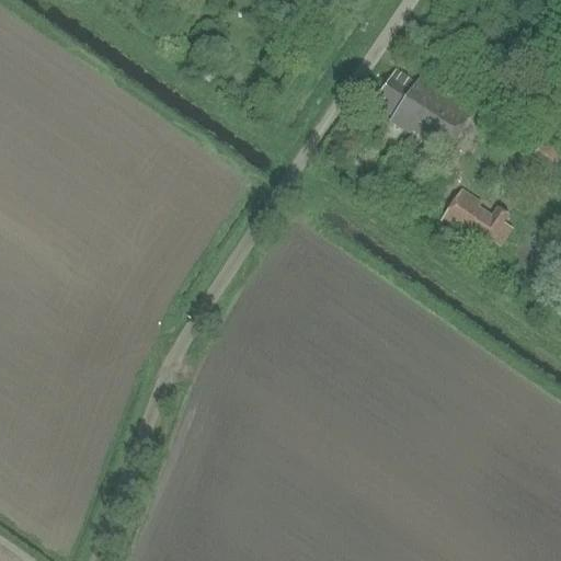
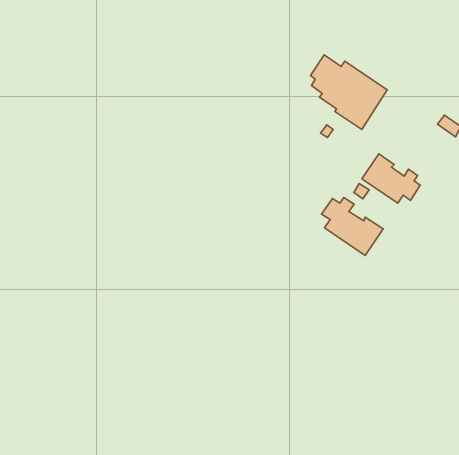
building: none -> [321,197,383,255]

